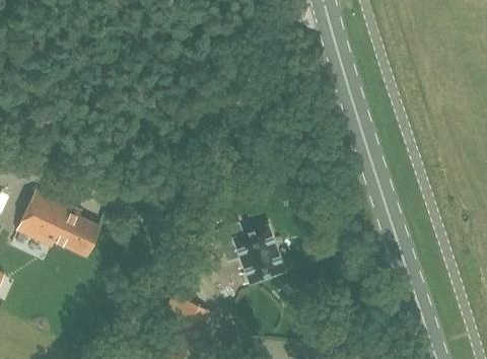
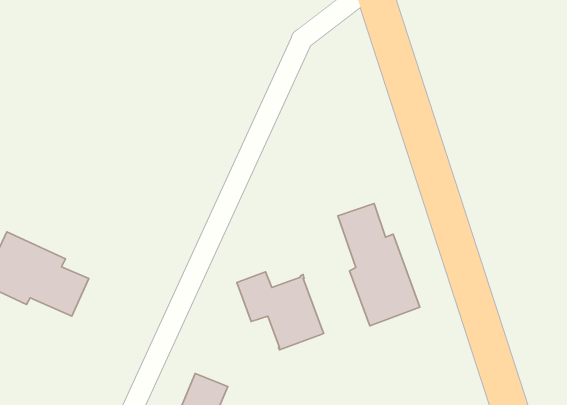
building: none -> [338,203,420,326]

